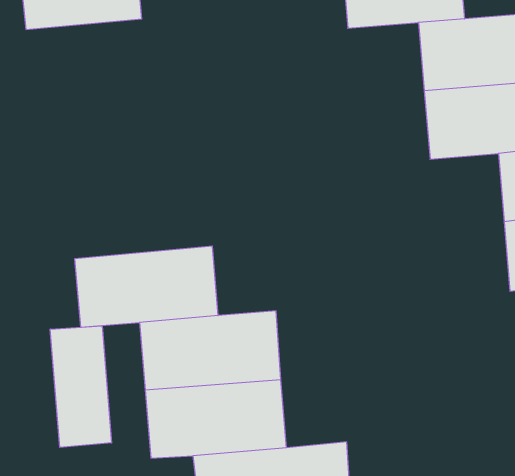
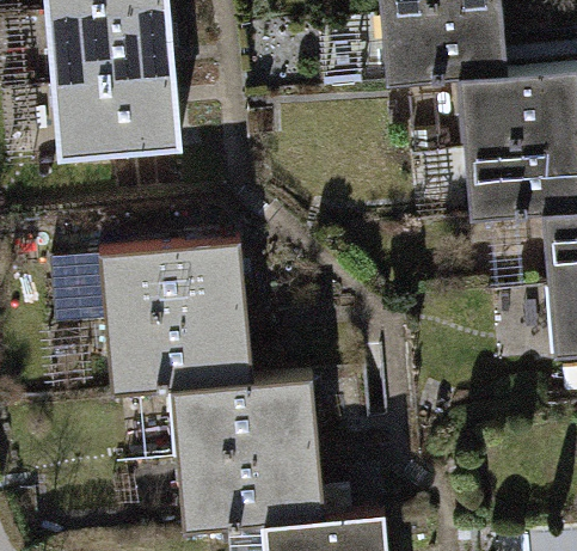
building: none -> [54,74,179,155]
building: none -> [51,238,246,322]
building: [50,326,112,447] -> none

